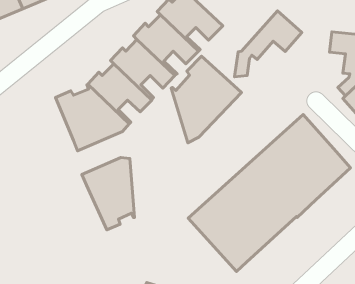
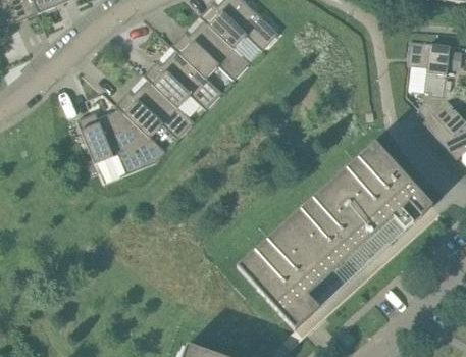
building: [235,11,302,77] -> none
building: [171,56,241,143] -> none
building: [82,158,134,230] -> none

